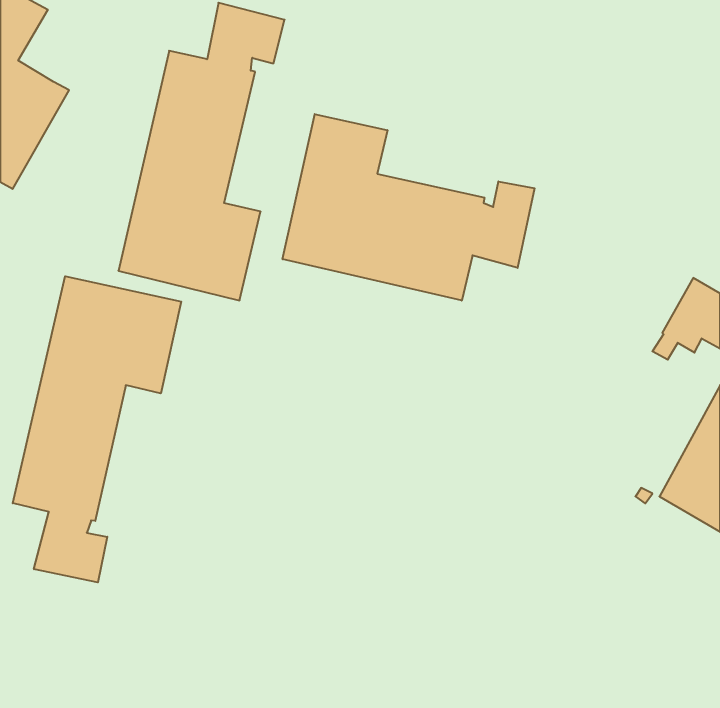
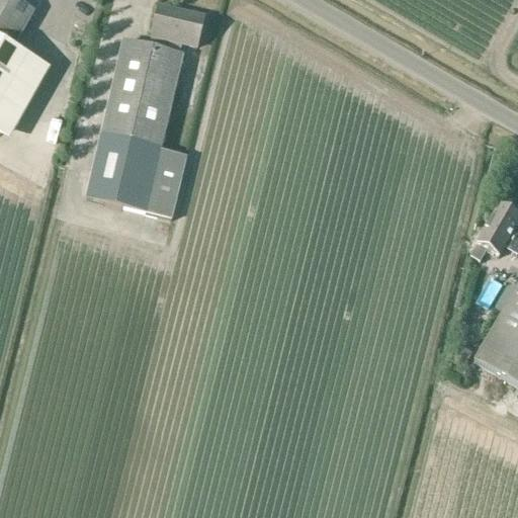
building: [283,114,535,301] -> none
building: [13,276,181,582] -> none

